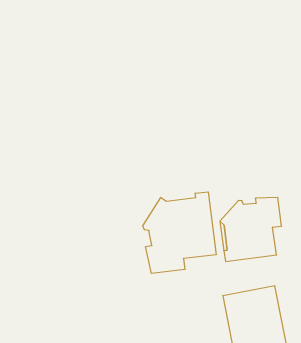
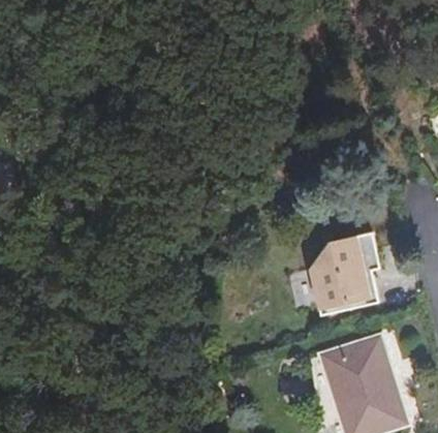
building: [143,192,216,273] -> none

